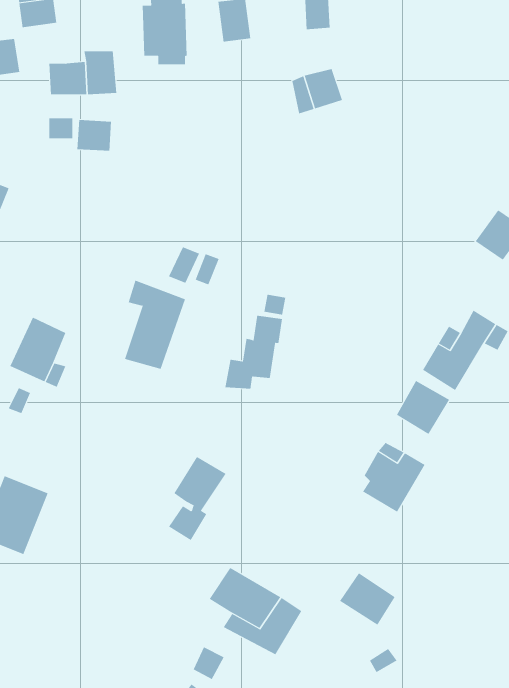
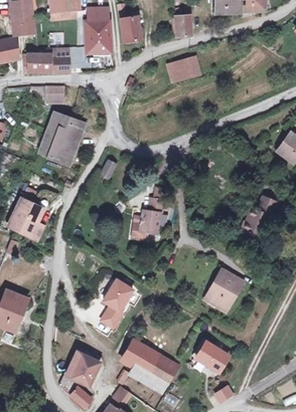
building: [124,280,186,370] -> [48,113,84,164]
building: [396,380,450,435] -> none
building: none -> [60,346,108,401]

